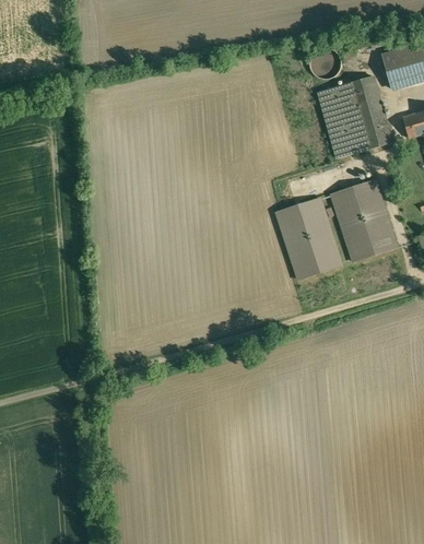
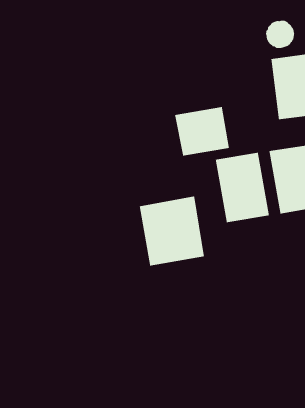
building: none -> [174,106,230,157]
building: none -> [139,196,205,267]

